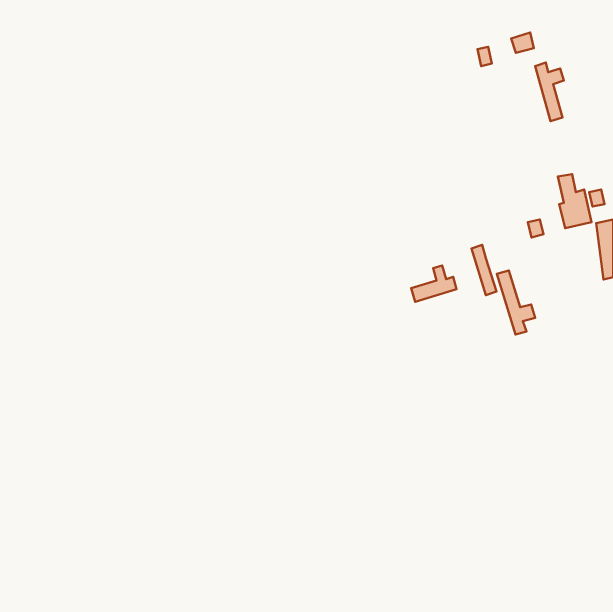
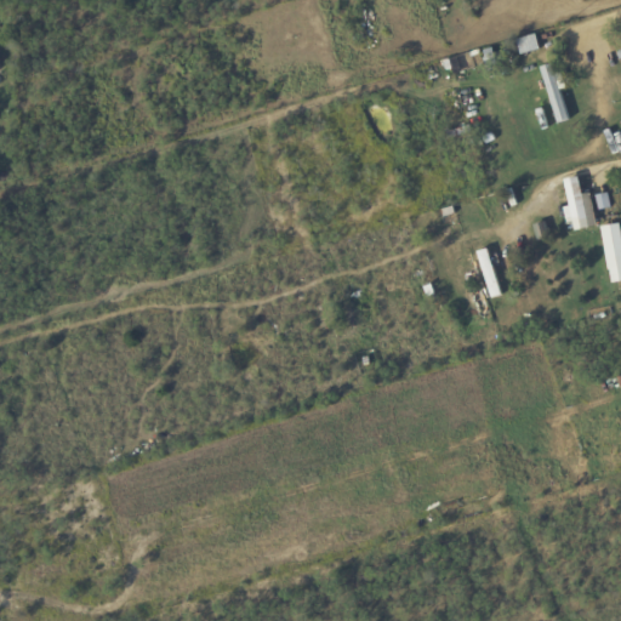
building: [411,266,457,302] -> none
building: [497,270,535,334] -> none

